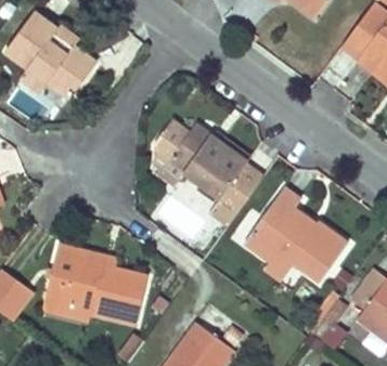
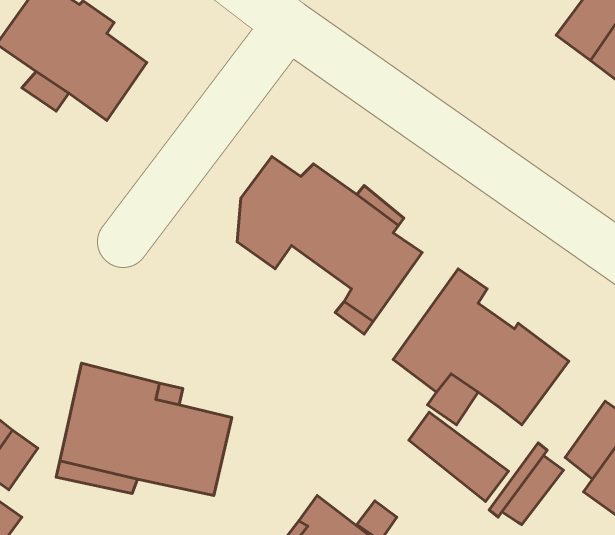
building: none -> [409,412,508,502]

